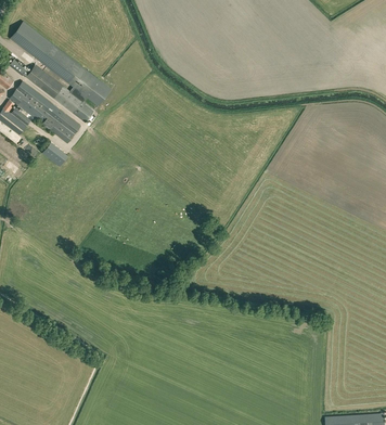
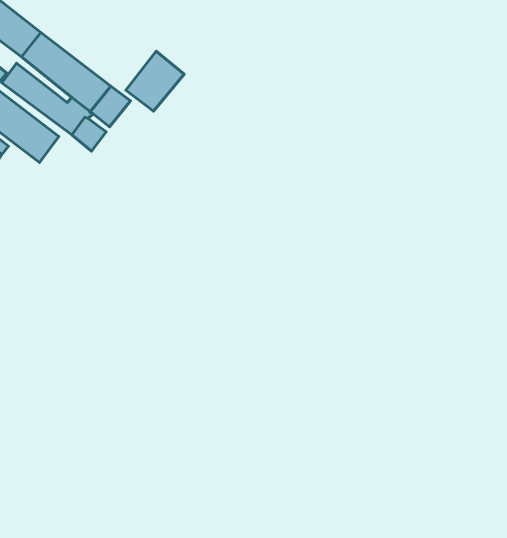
building: none -> [126,51,184,111]
building: [52,114,81,143] -> none

